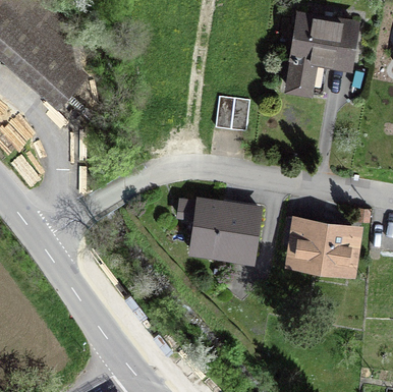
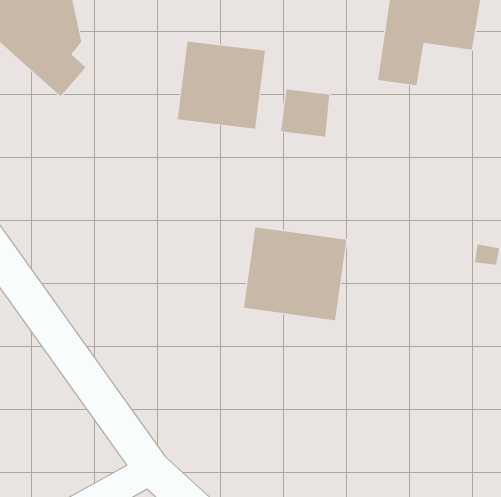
building: none -> [177,41,265,130]
building: [285,216,363,277] -> none

